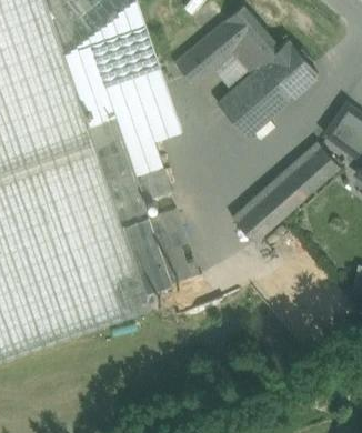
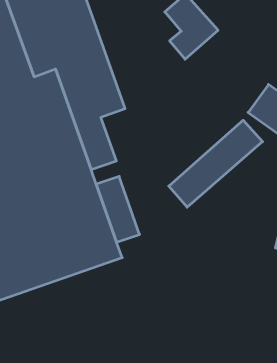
building: [172,19,244,85] -> none
building: [214,40,315,138] -> none

